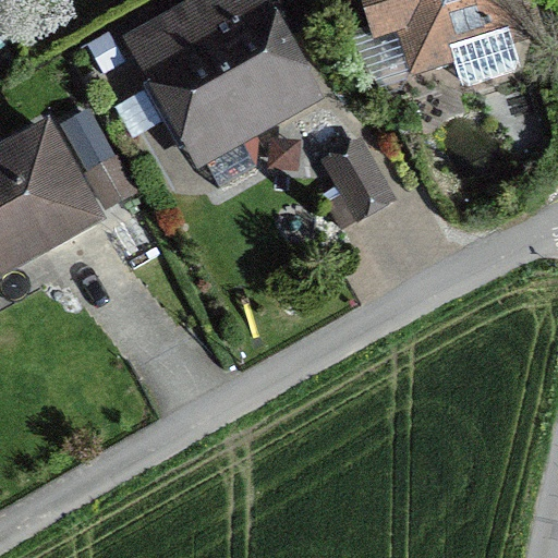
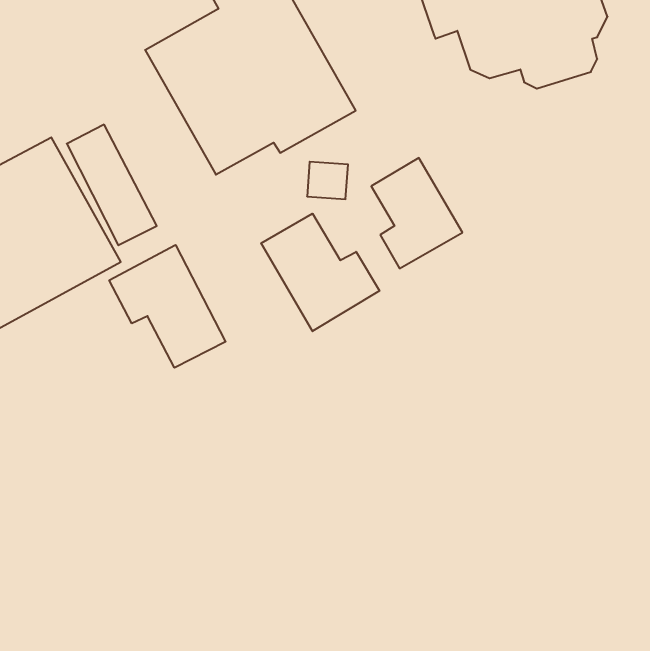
building: none -> [261,214,379,331]
building: none -> [109,245,226,368]

